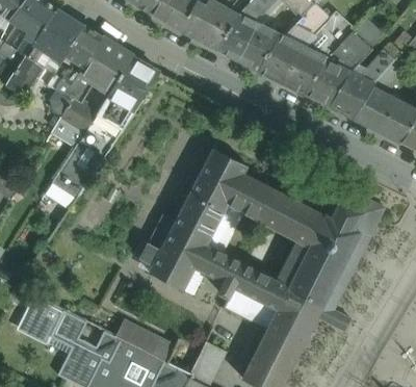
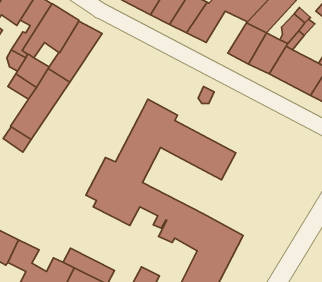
building: [280,46,328,95] -> none
building: [277,181,385,311] -> none

